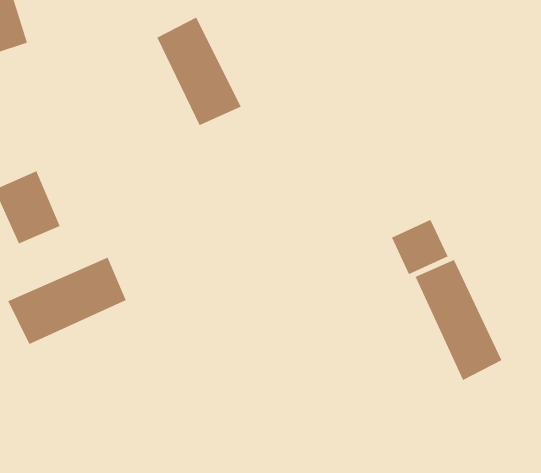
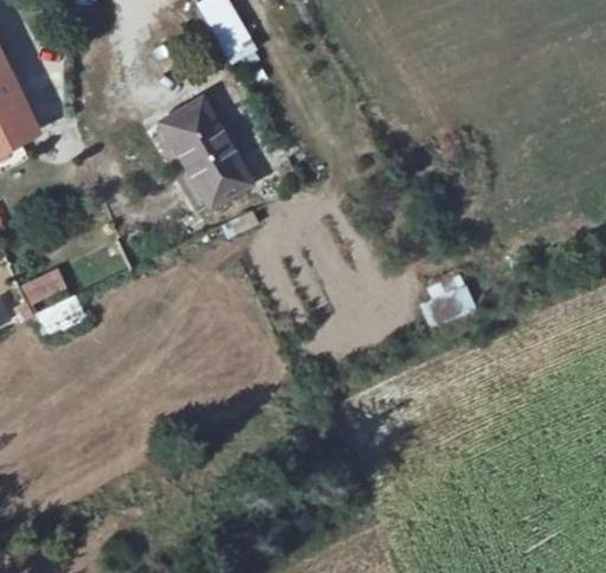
building: [8,257,127,345] -> none
building: [415,259,502,381] -> none

